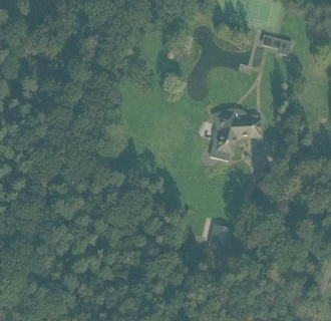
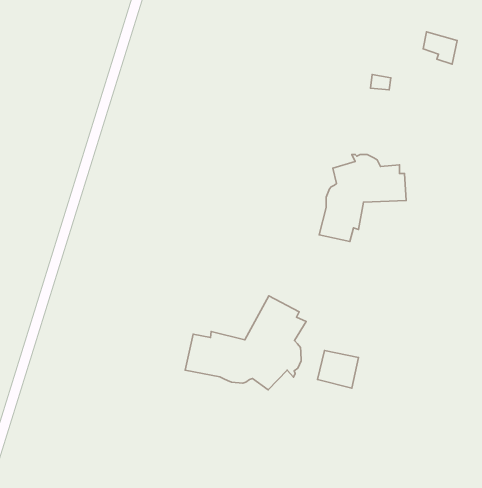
building: none -> [185,296,306,390]

